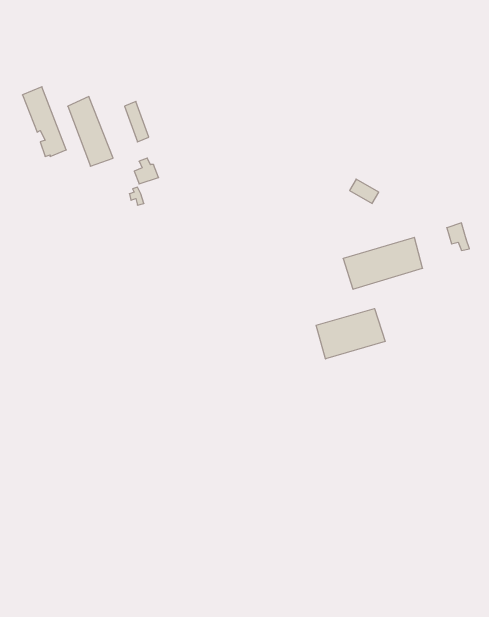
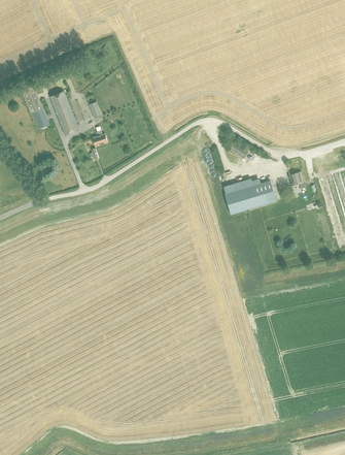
building: [316,309,385,359] -> none

